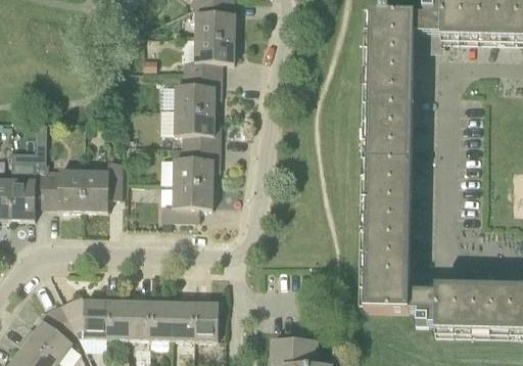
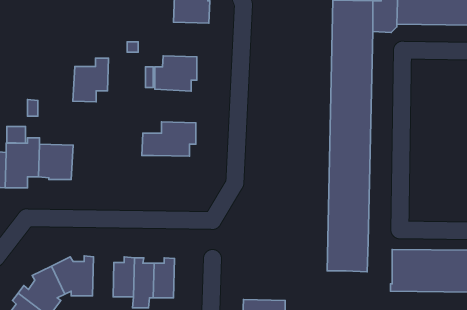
building: [183,37,233,75] -> none
building: [173,110,219,147] -> none
building: [82,163,121,211] -> [73,58,108,102]
building: [161,183,211,221] -> none
building: [407,278,434,324] -> none
building: [105,294,129,338] -> none
building: [194,296,218,340] -> none

